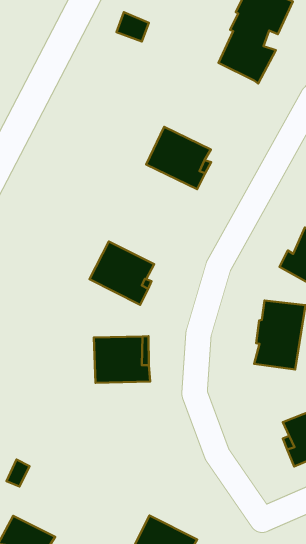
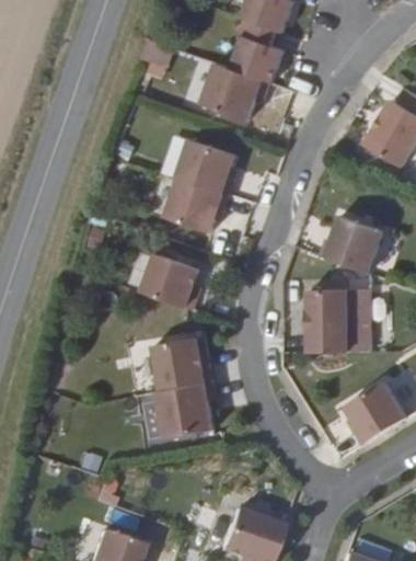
building: none -> [201,66,268,123]
building: none -> [165,178,229,230]
building: none -> [155,382,213,442]

